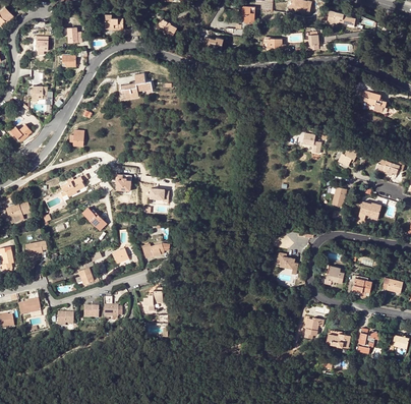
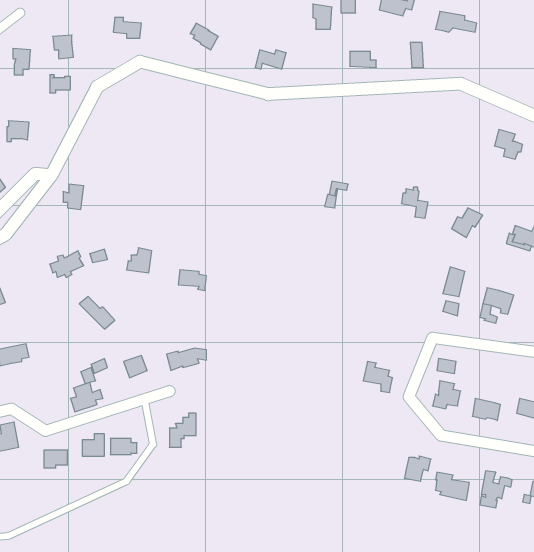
building: [120,74,152,99] -> none

